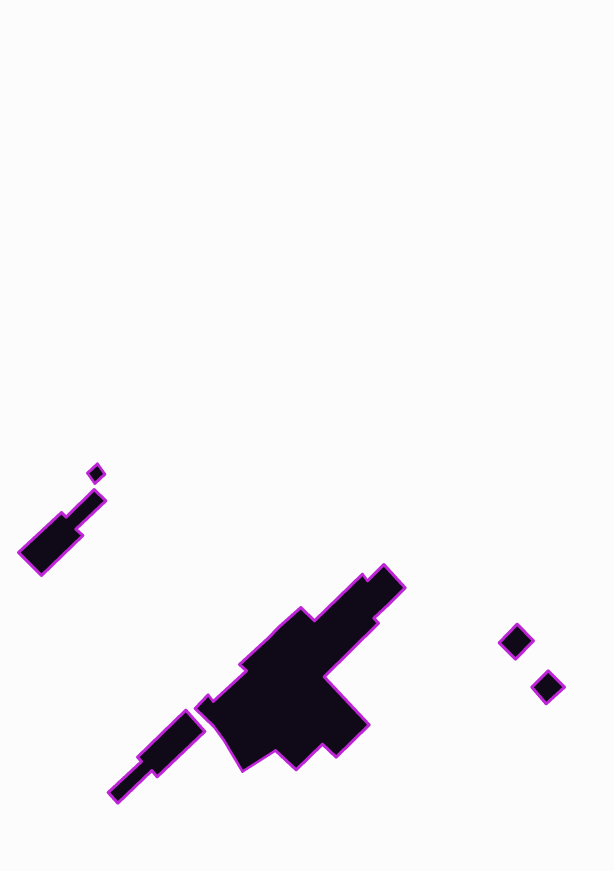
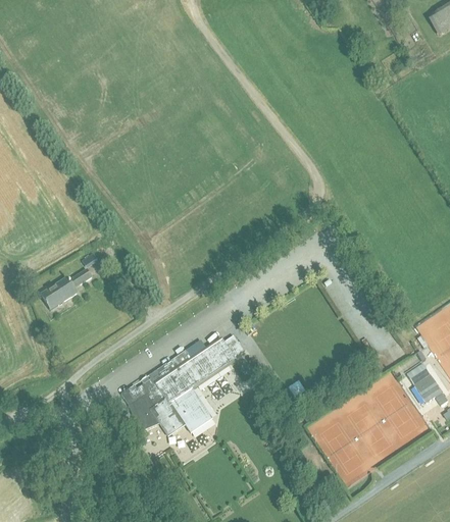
building: [108,710,205,803] -> none

